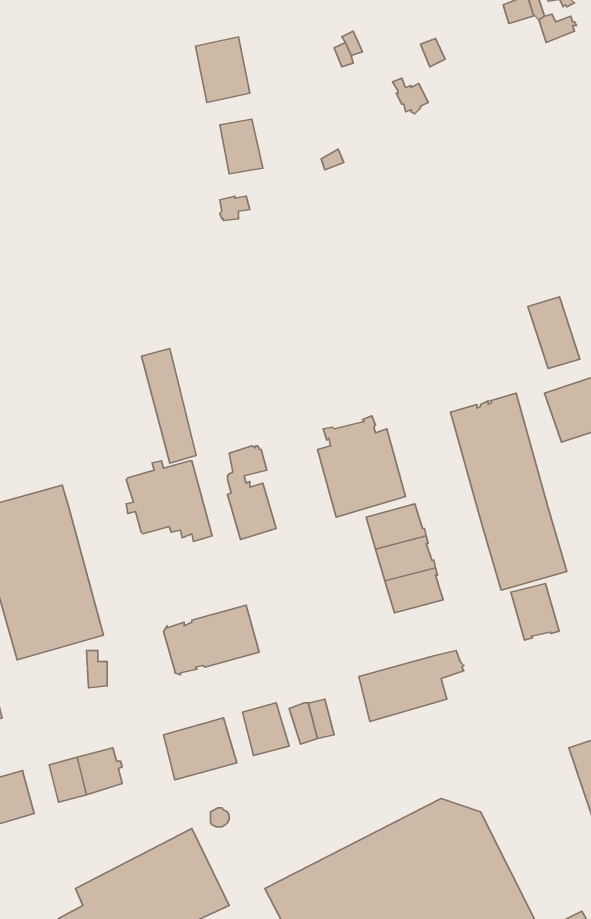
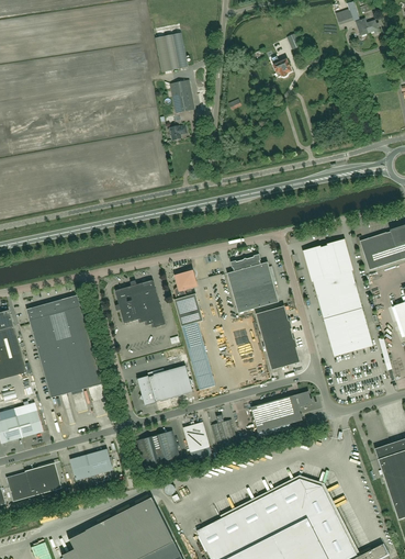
building: [528,297,580,369] -> none
building: [142,349,196,463] -> [181,324,213,391]
building: [511,583,559,640] -> none

